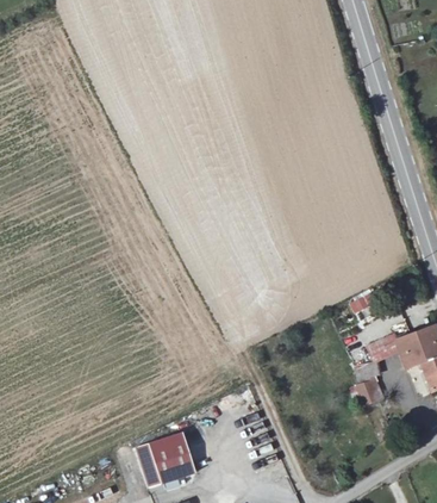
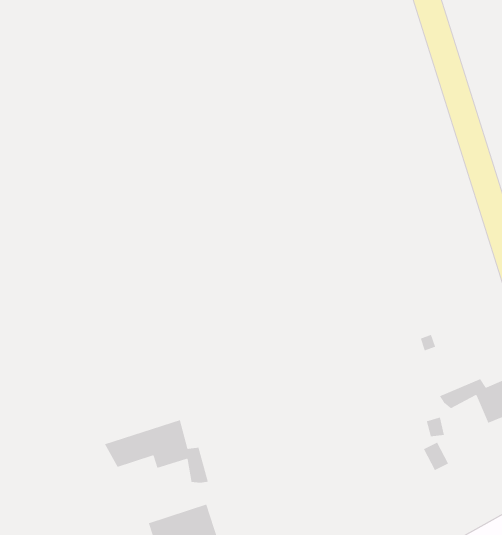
building: none -> [104,419,209,484]

